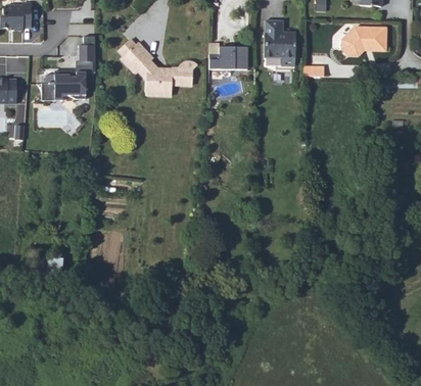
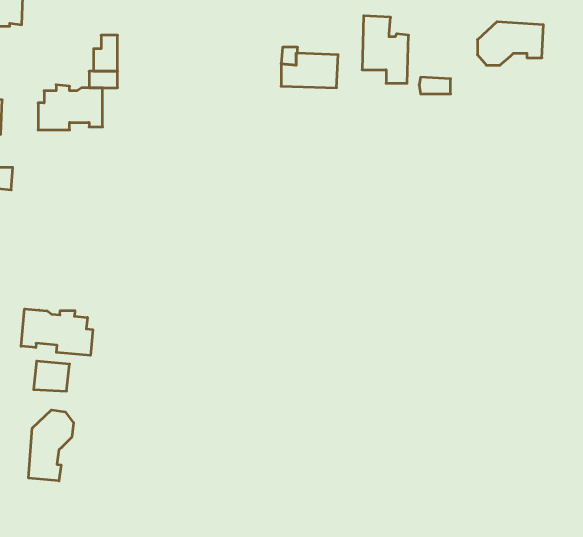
building: [124,44,197,97] -> none
building: none -> [21,309,93,355]
building: none -> [29,410,74,481]

